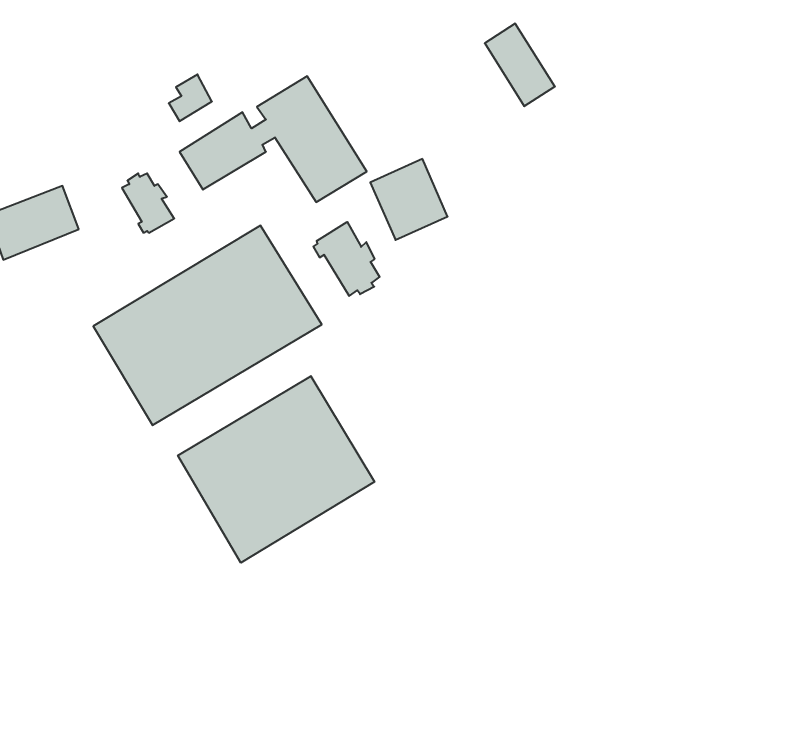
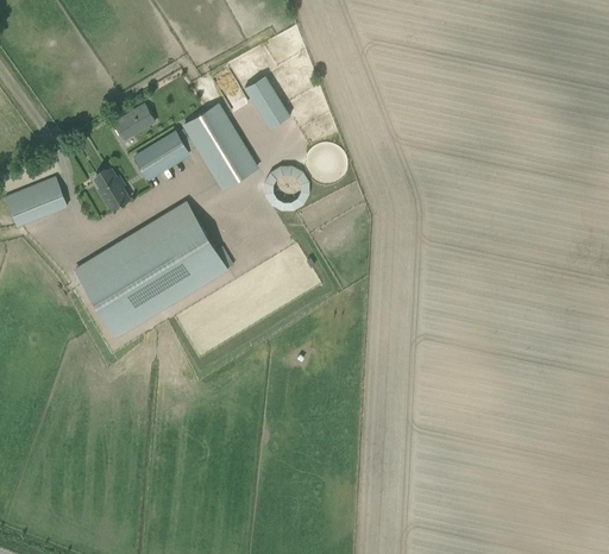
building: [485,24,555,106] -> [239,74,285,128]
building: [313,222,380,296] -> none
building: [178,376,374,563] -> none

